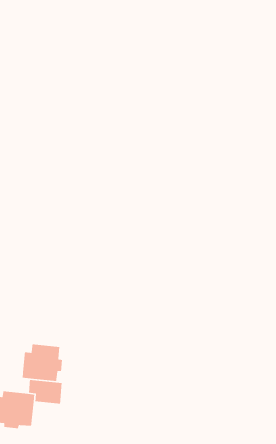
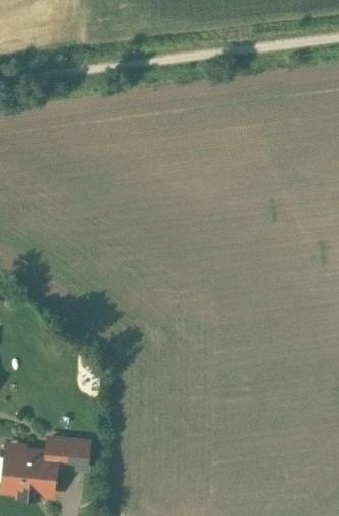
building: [22,344,63,382] -> none

